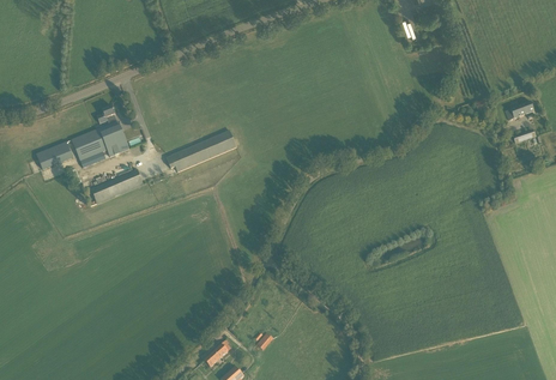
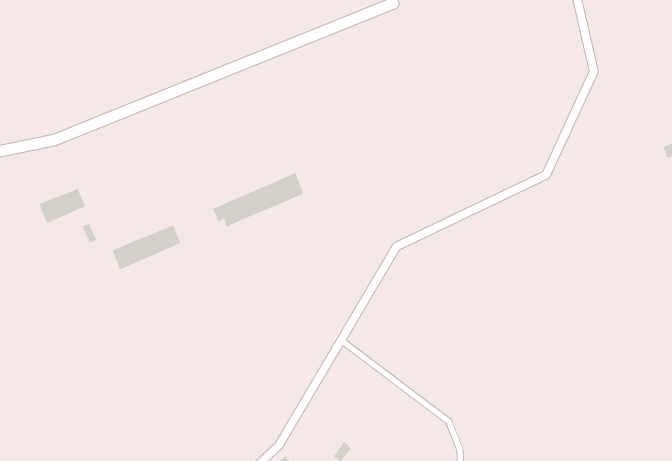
building: [72,107,129,161] -> none

